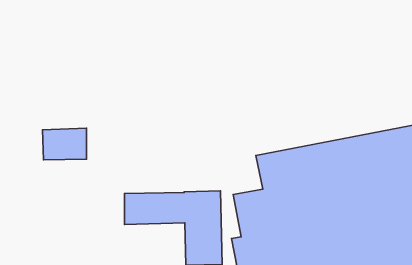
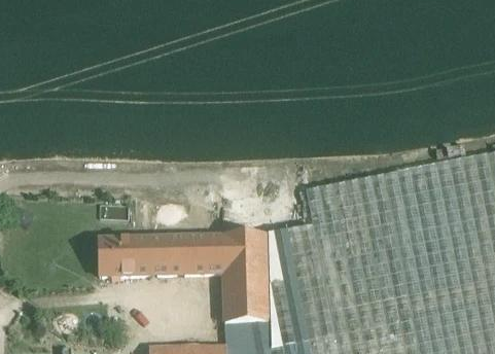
building: [43,128,87,160] -> [99,234,151,272]

